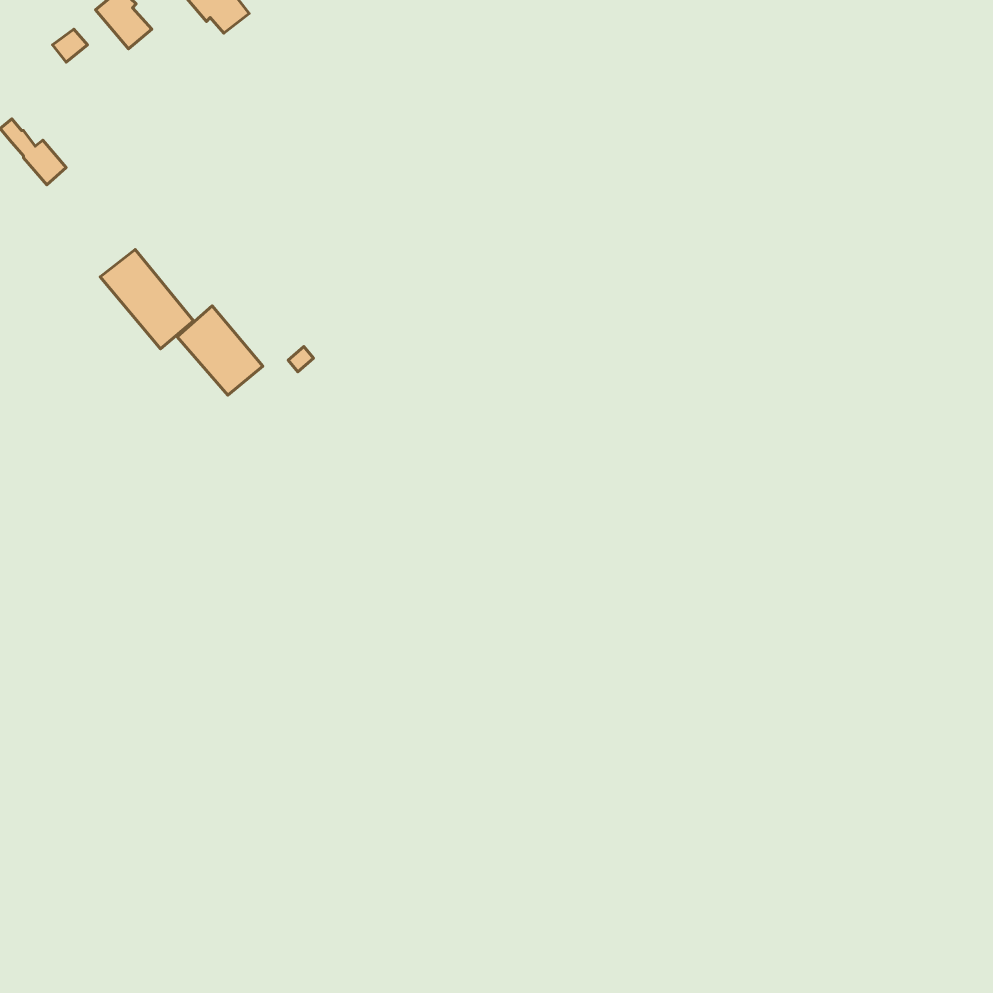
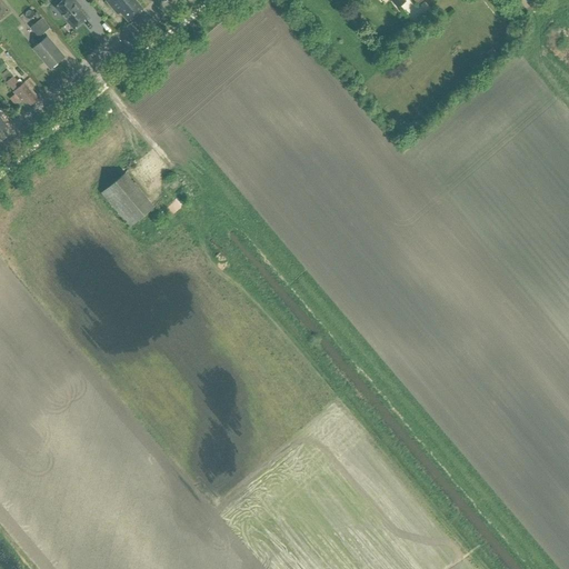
building: none -> [34,34,64,67]
building: [100,250,194,349] -> none

